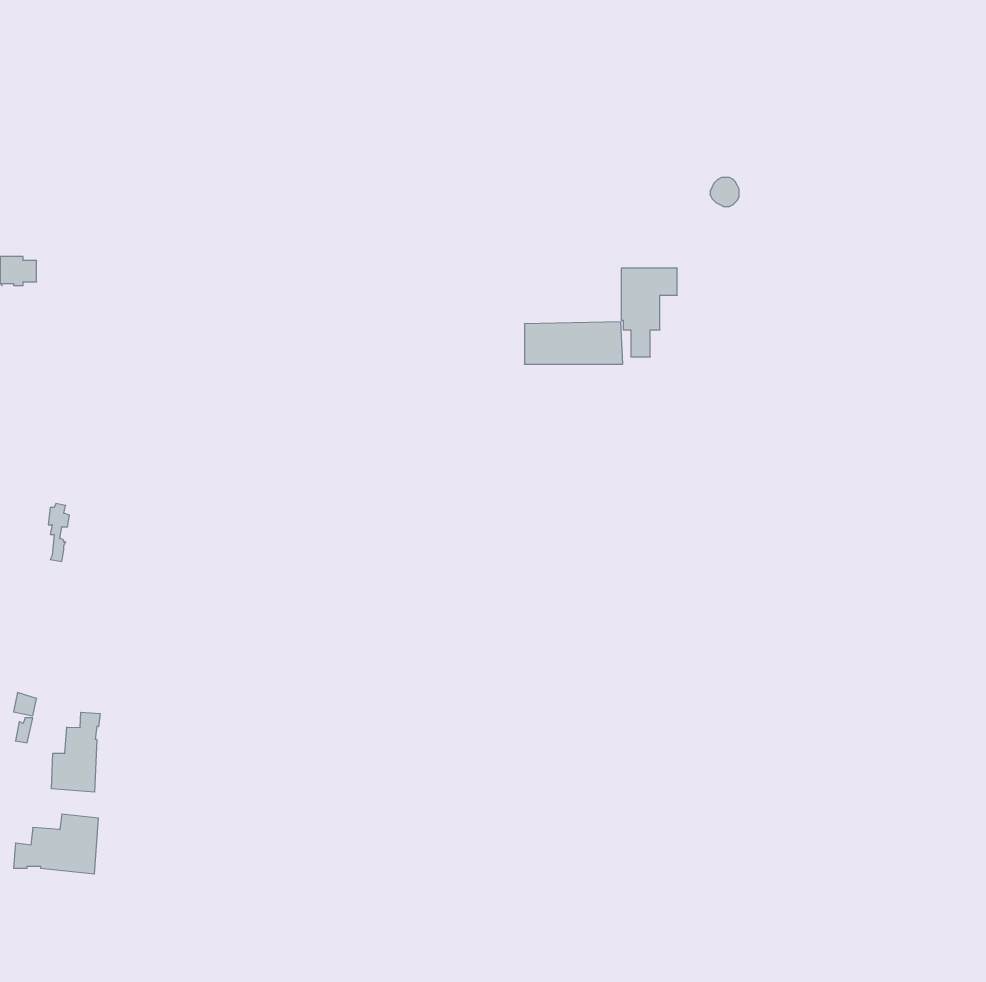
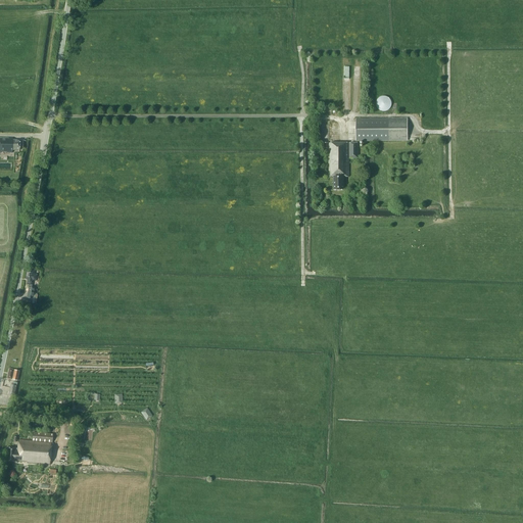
building: [524,322,623,364] -> [355,116,408,139]
building: [51,712,100,792] -> none

